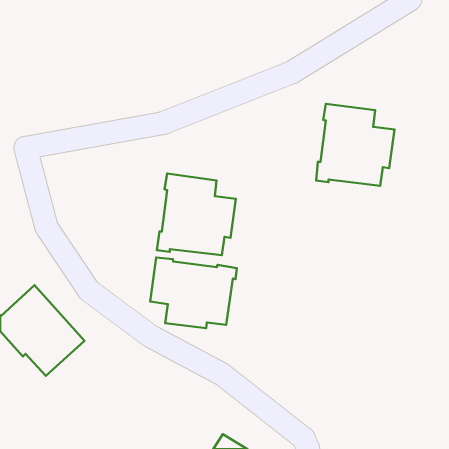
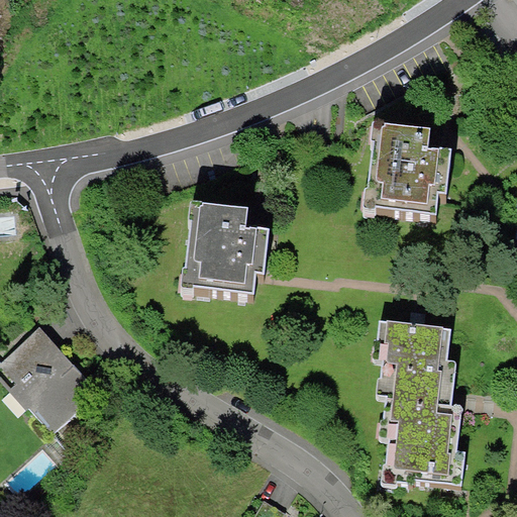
building: [150,257,237,328] -> none
building: none -> [375,319,466,488]

